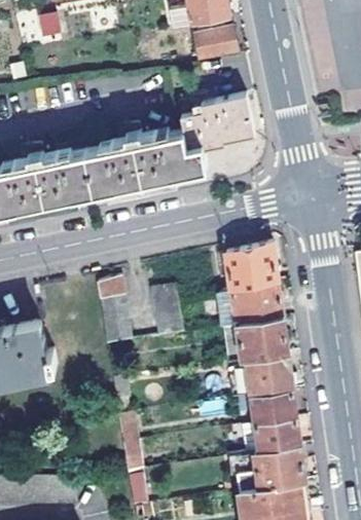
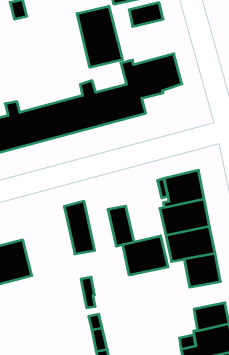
building: none -> [77,6,122,67]
building: none -> [123,236,168,275]
building: [253,392,297,425] -> none

